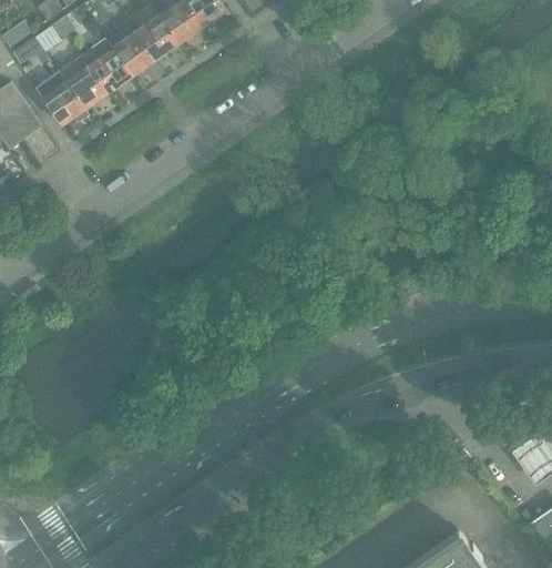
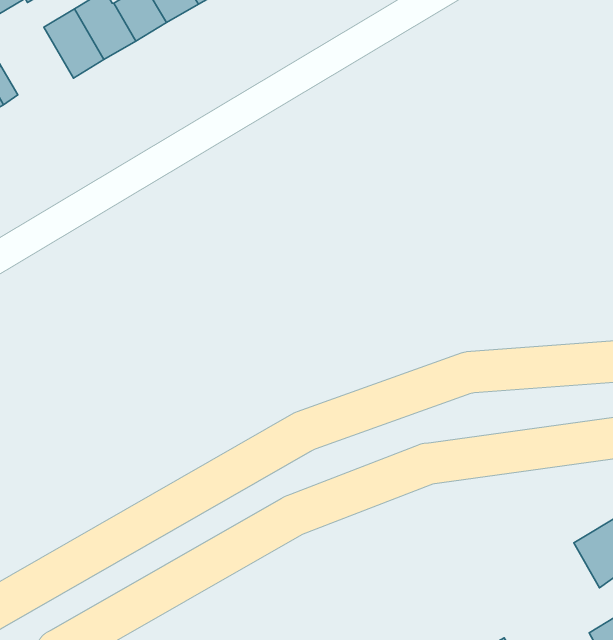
building: [33,70,84,125] -> none

